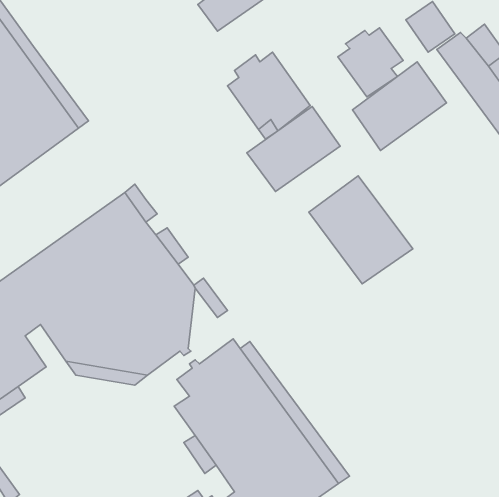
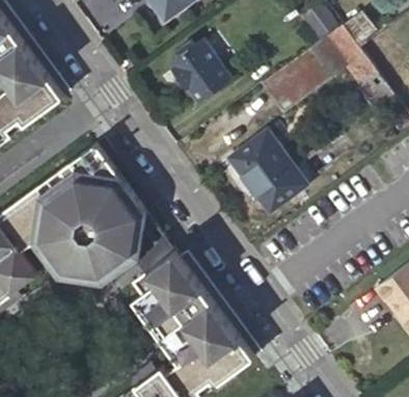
building: [338,28,403,97] -> none
building: [247,107,340,191] -> none

